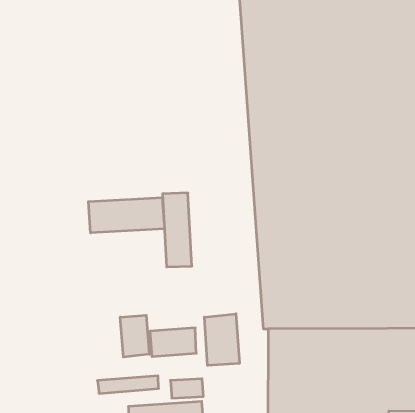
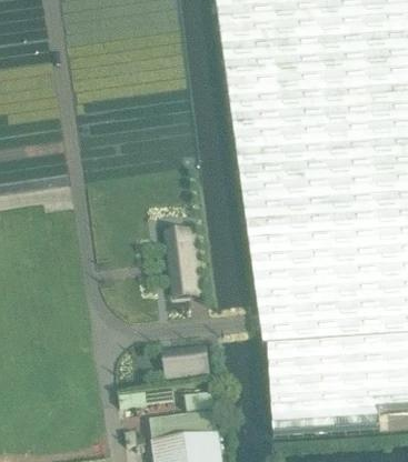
building: [88,198,165,233] -> none
building: [204,314,239,365] -> none
building: [120,315,149,357] -> none

